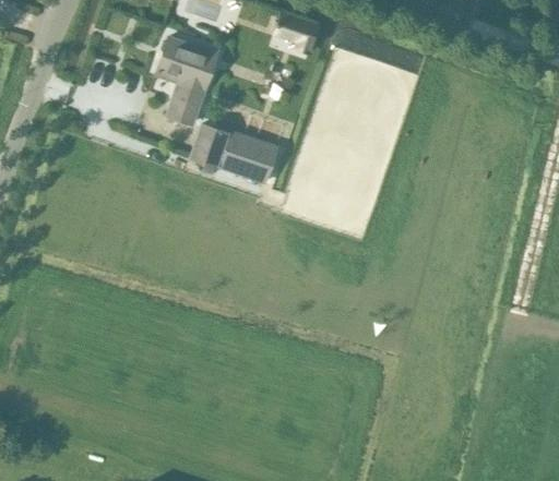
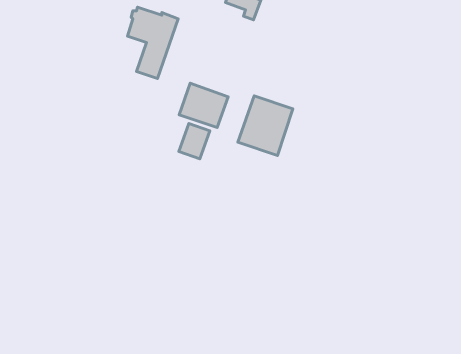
building: [190,125,227,168] -> [179,124,210,159]
building: none -> [238,96,293,156]

